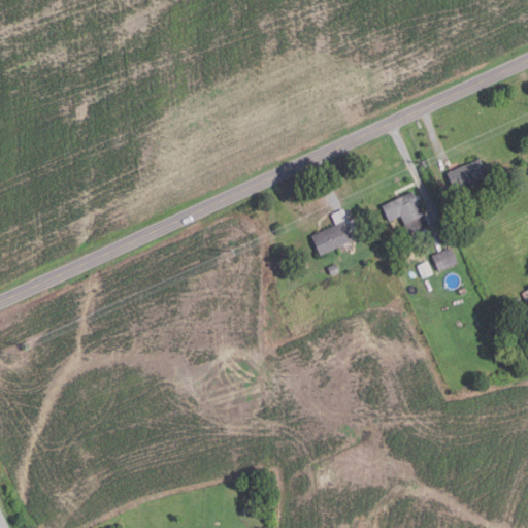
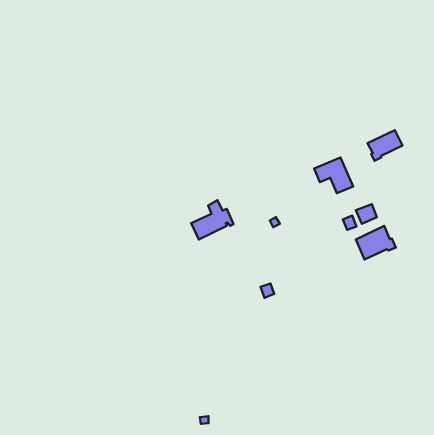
building: [310,208,362,256] -> [191,200,234,239]
building: none -> [356,226,396,259]

